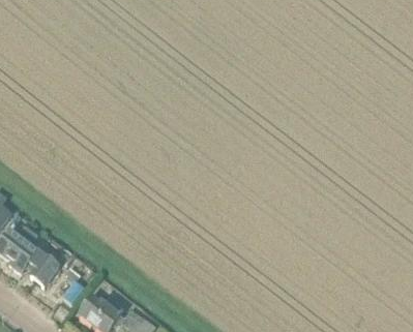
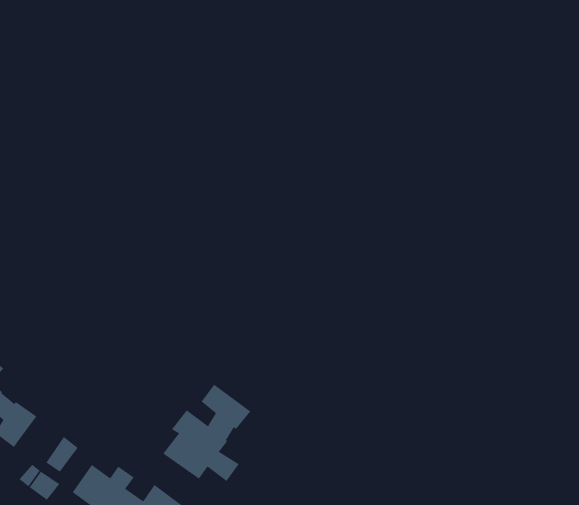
building: none -> [163,384,251,482]

